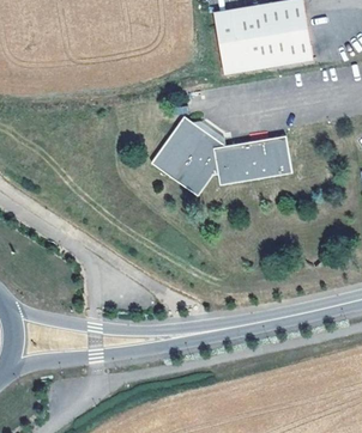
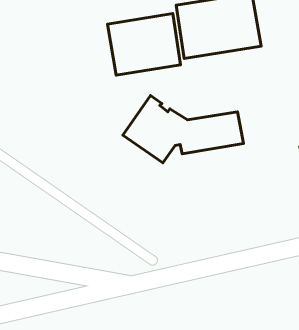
building: none -> [108,14,181,75]

